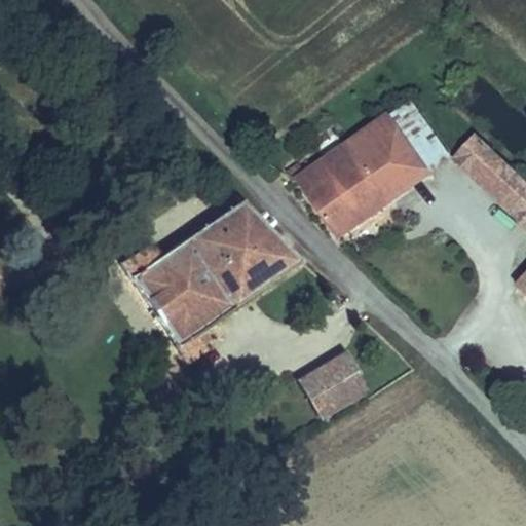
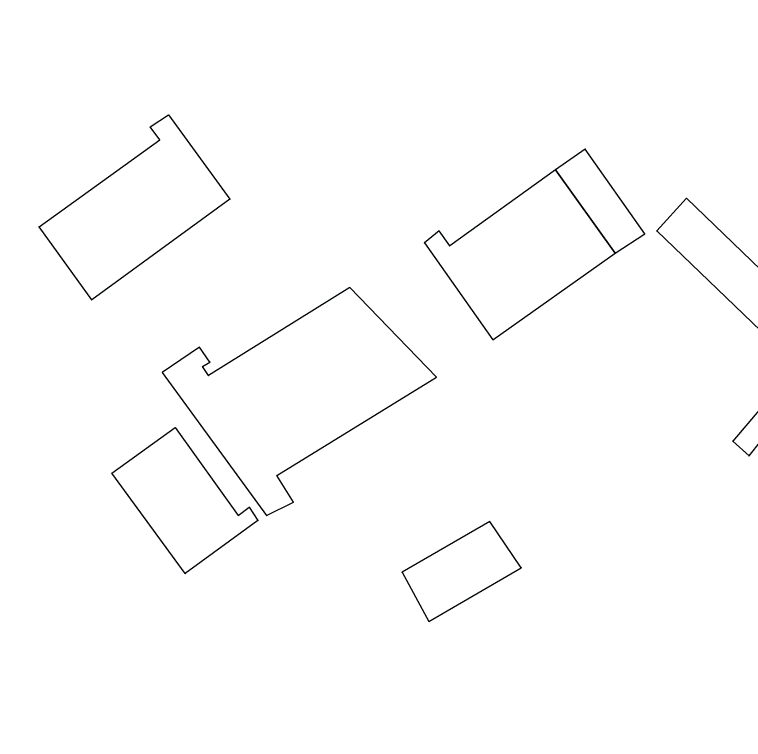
building: none -> [39,115,230,300]
building: none -> [112,428,258,574]

